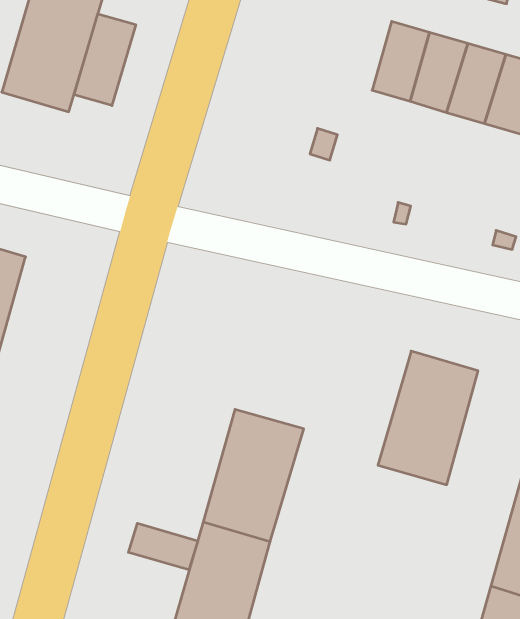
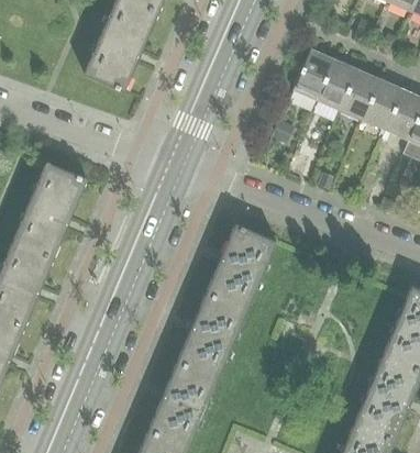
building: none -> [292,47,334,100]
building: [74,14,136,106] -> none
building: [378,351,478,485] -> [206,221,276,308]
building: [128,523,198,570] -> none

